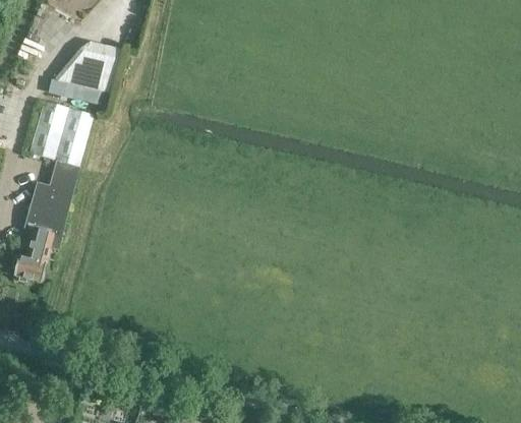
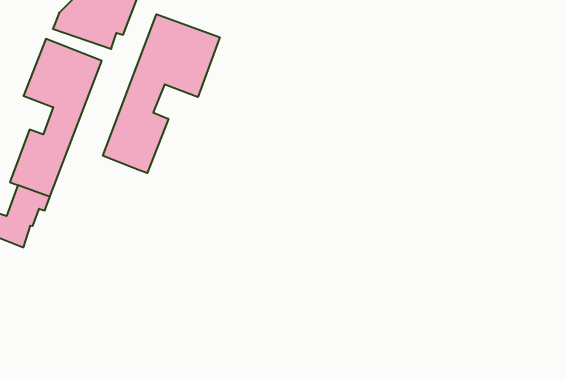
building: none -> [103,14,220,173]

